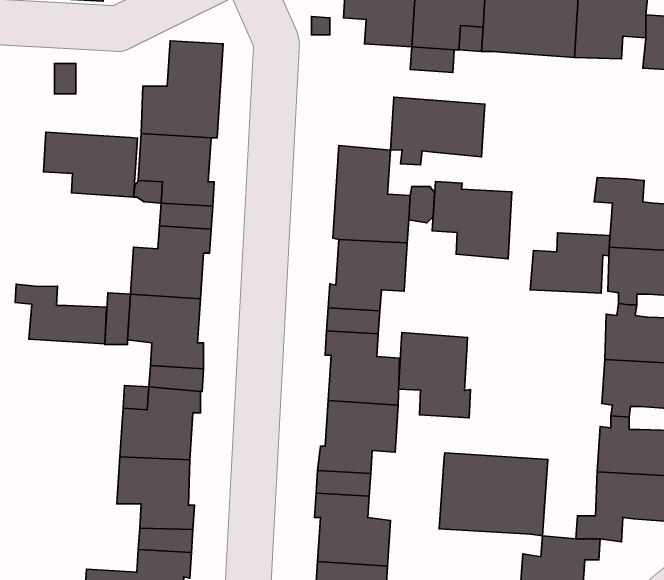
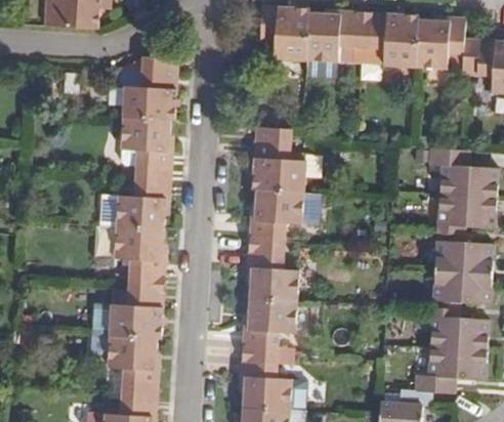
building: [390,97,485,165] -> none
building: [43,132,137,197] -> none
building: [432,182,512,259] -> none
building: [530,233,610,293] -> none
building: [15,284,106,344] -> none
building: [399,333,471,418] -> none
building: [439,453,548,536] -> none

